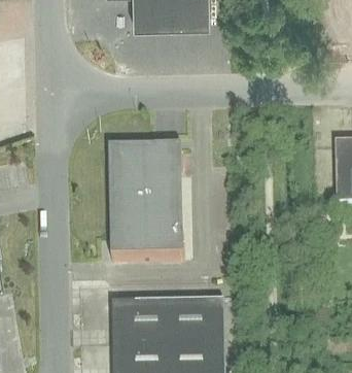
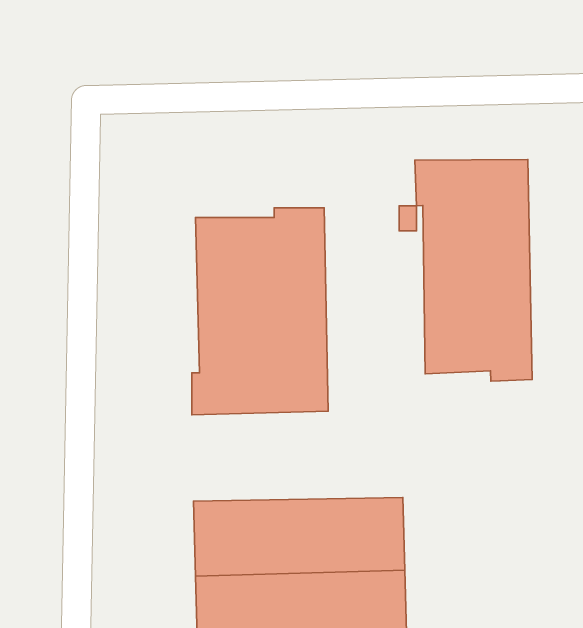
building: none -> [415,159,532,381]

